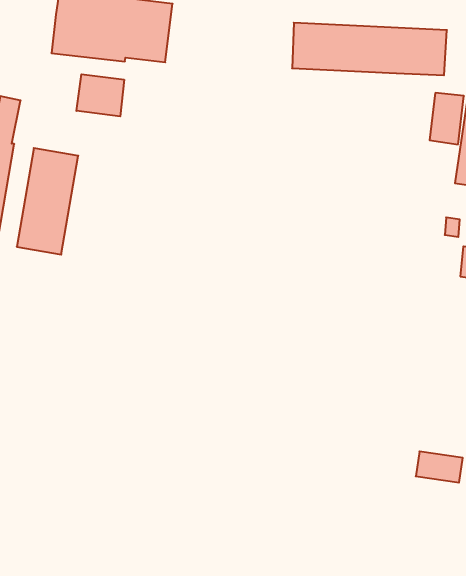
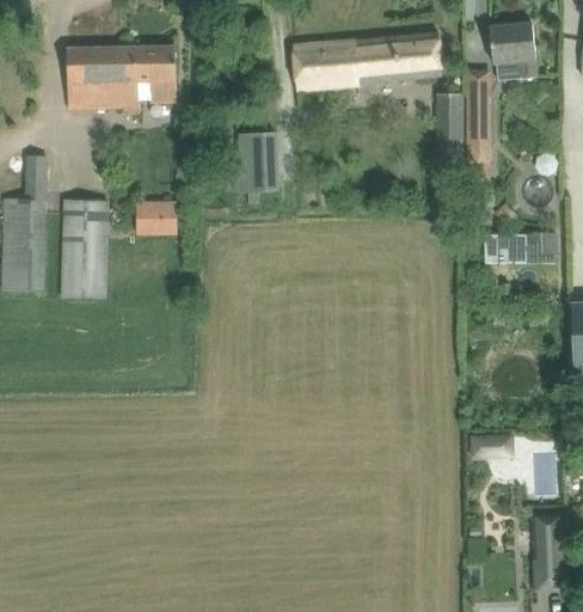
building: [76,74,124,116] -> none
building: none -> [243,130,278,191]
building: none -> [135,201,176,233]

